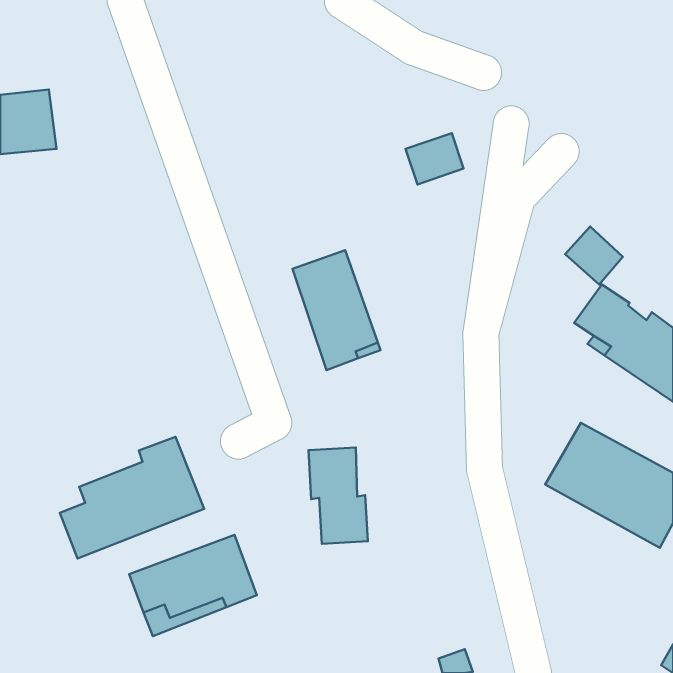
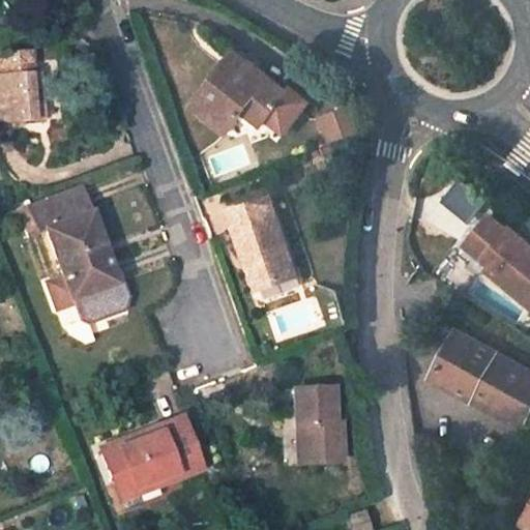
building: none -> [194,50,310,131]
building: none -> [30,185,127,315]
building: [60,437,204,558] -> none
building: [308,448,368,544] -> [294,387,341,463]

